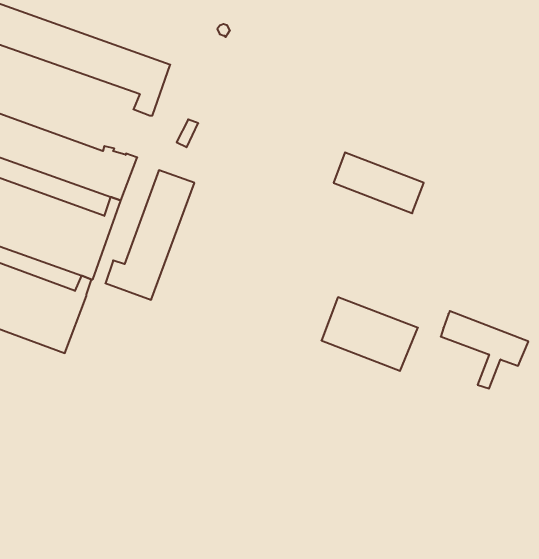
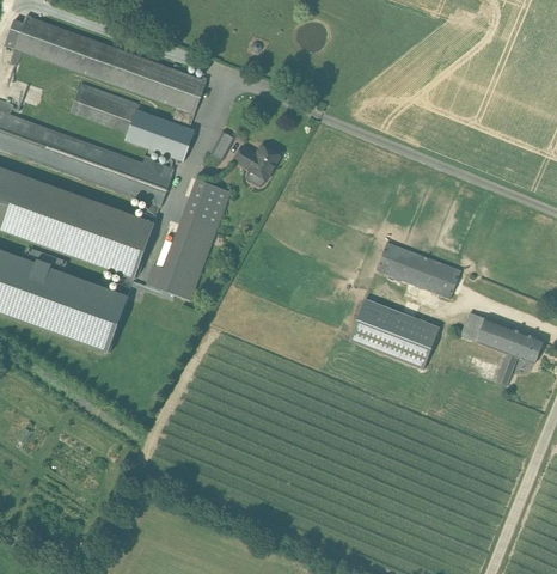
building: none -> [72,88,198,154]
building: none -> [233,144,281,179]
building: [334,152,424,213] -> [377,240,461,298]

